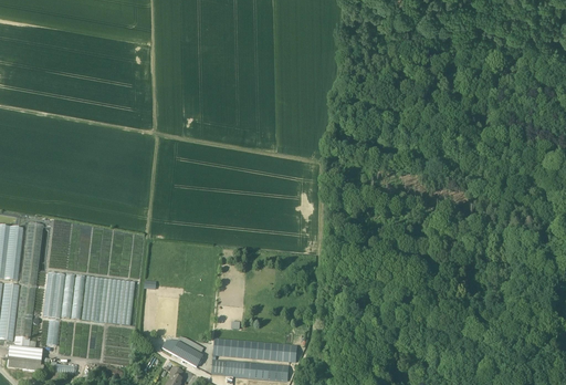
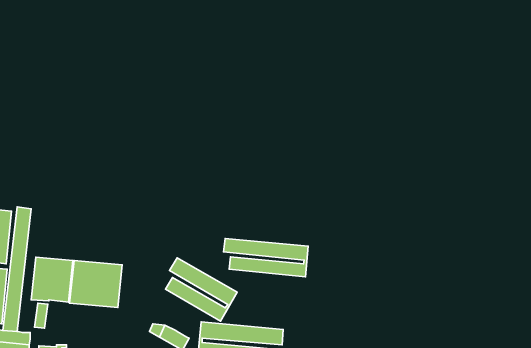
building: none -> [224,239,308,277]
building: none -> [165,258,237,321]

